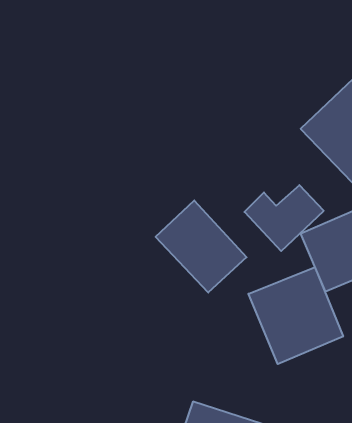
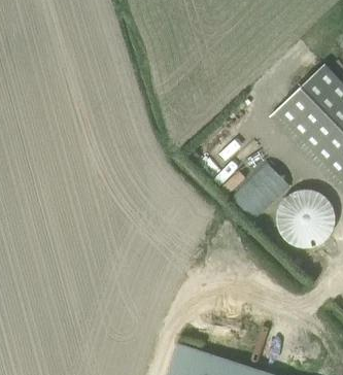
building: [156,200,247,293] -> none
building: [248,267,343,364] -> none

